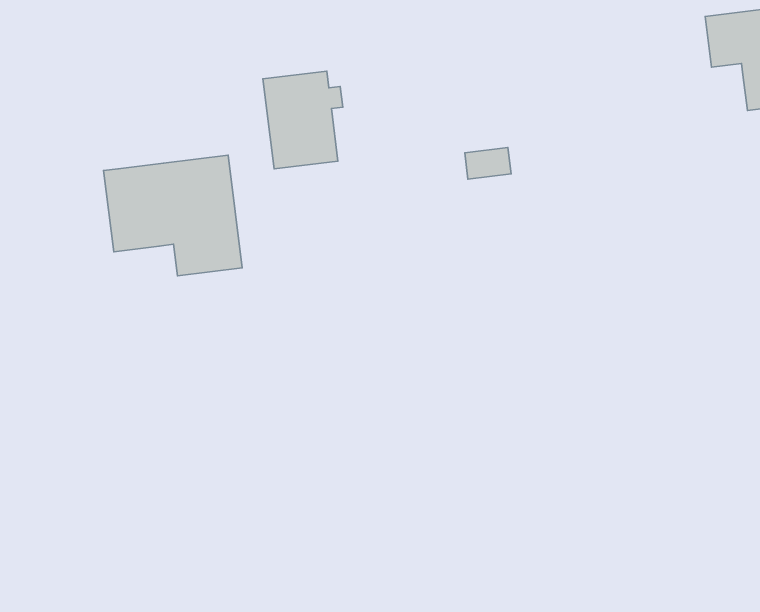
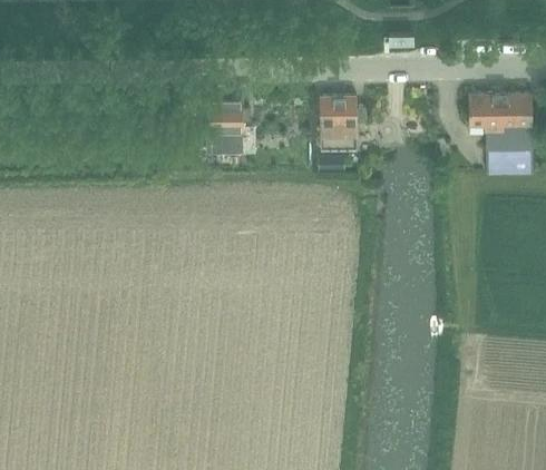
building: none -> [319,98,365,153]
building: [104,155,242,276] -> none

